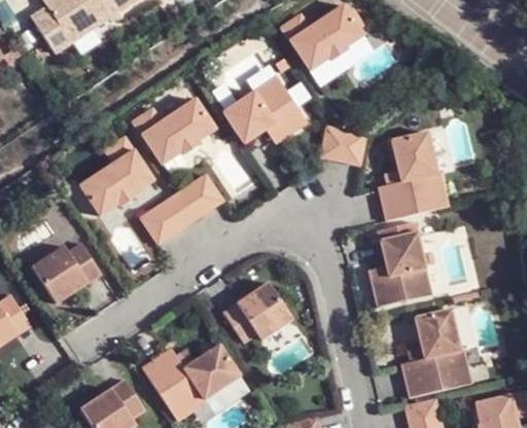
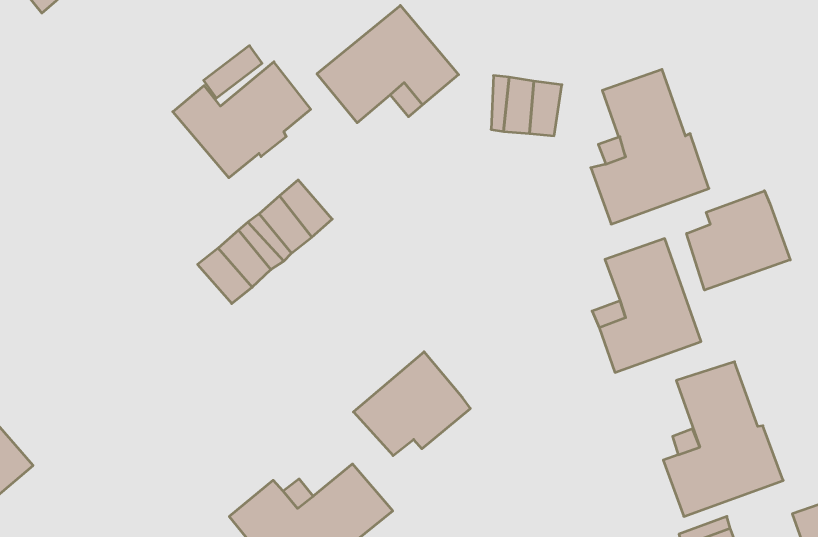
building: [78,134,151,213] -> none
building: none -> [687,191,790,290]
building: [29,241,98,300] -> none

